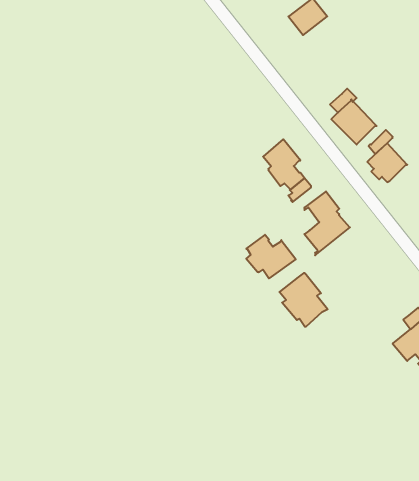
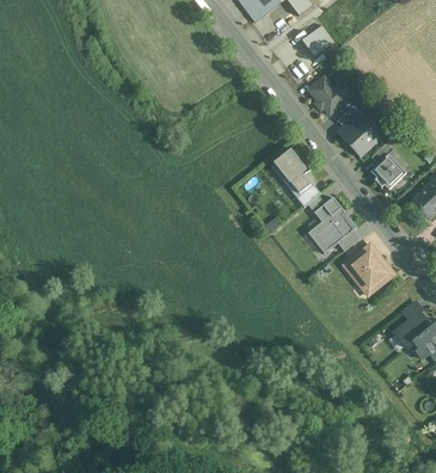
building: none -> [307,75,352,113]
building: [246,235,296,278] -> none
building: [279,273,328,327] -> [346,244,389,291]

